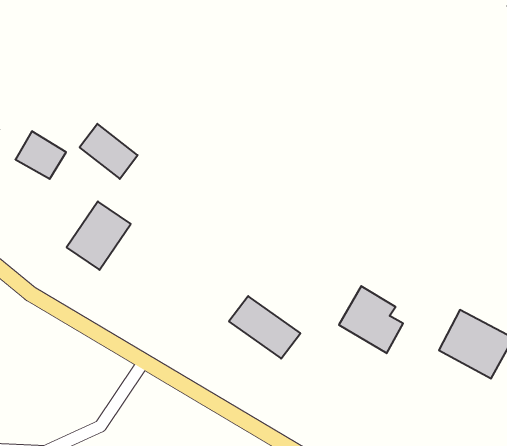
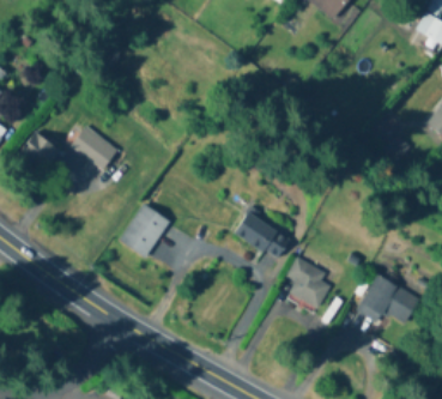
building: [67,201,131,270] -> [117,204,169,259]
building: [229,296,300,359] -> [232,211,290,261]

